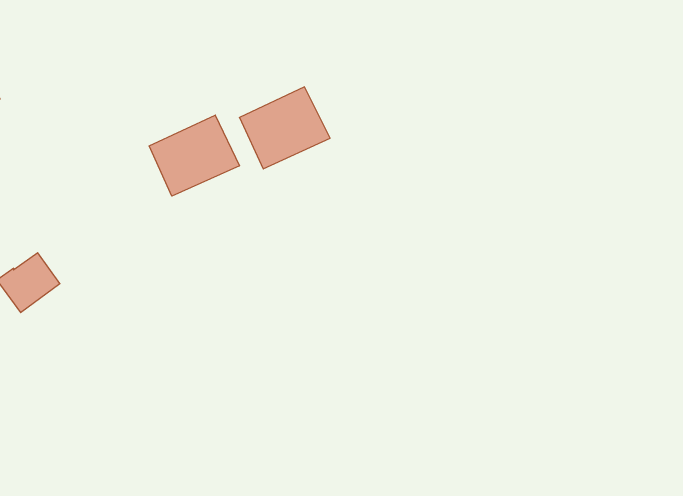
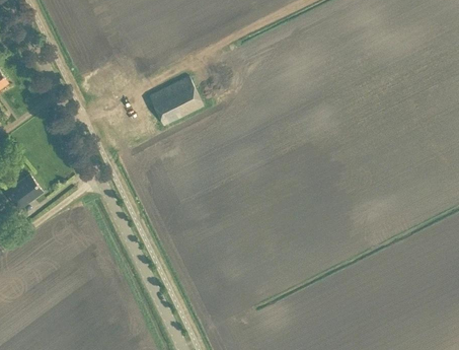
building: [149,115,239,196] -> none

